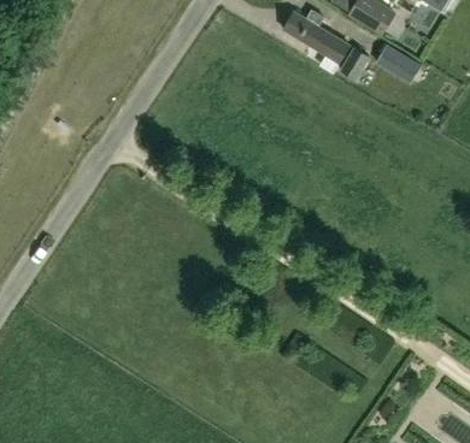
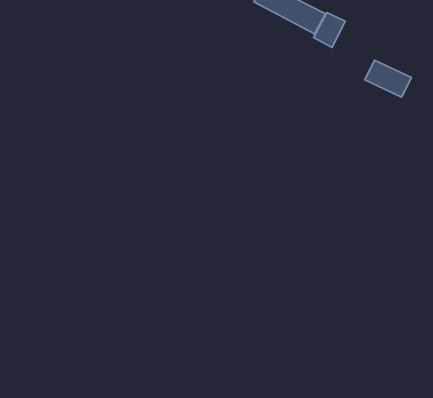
building: [375,45,419,82] -> [365,60,411,97]

